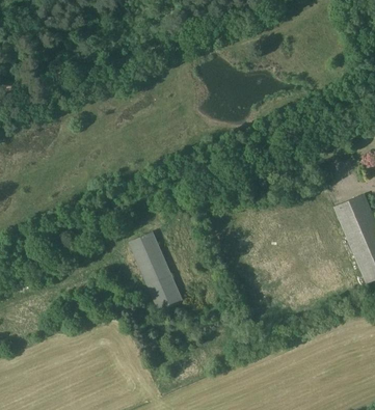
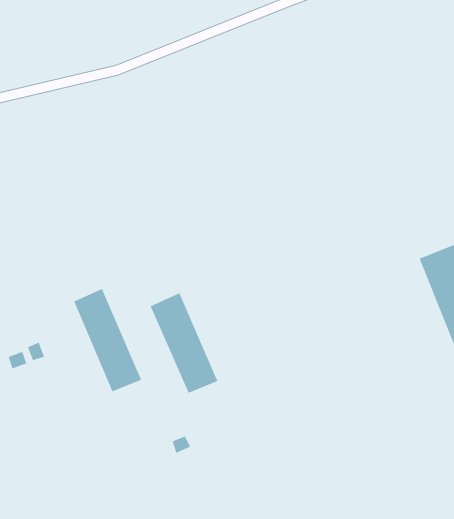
building: none -> [73,288,142,392]

